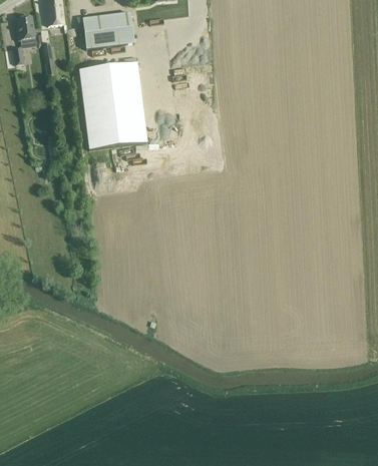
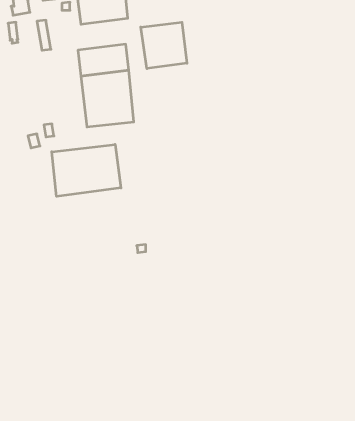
building: none -> [141,22,187,69]
building: none -> [52,144,121,196]

